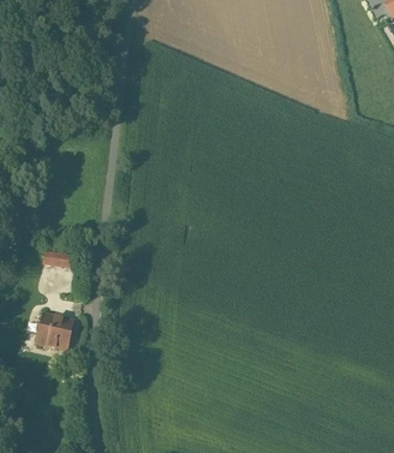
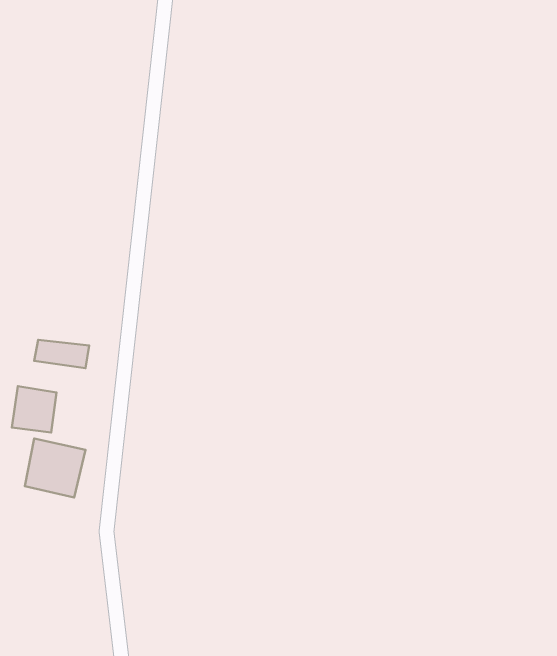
building: none -> [12,386,57,433]

